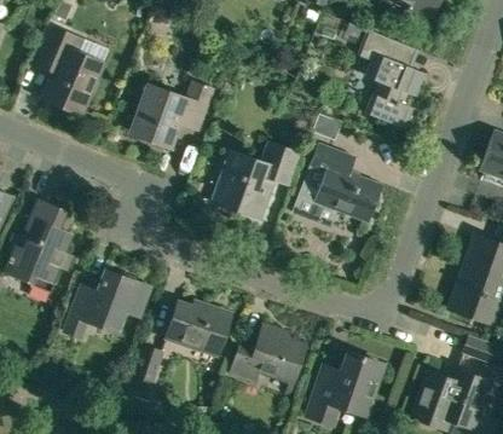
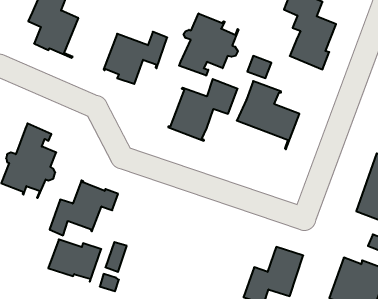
building: none -> [179,13,238,76]
building: [164,302,231,355] -> [48,239,101,282]
building: [231,325,306,382] -> none

